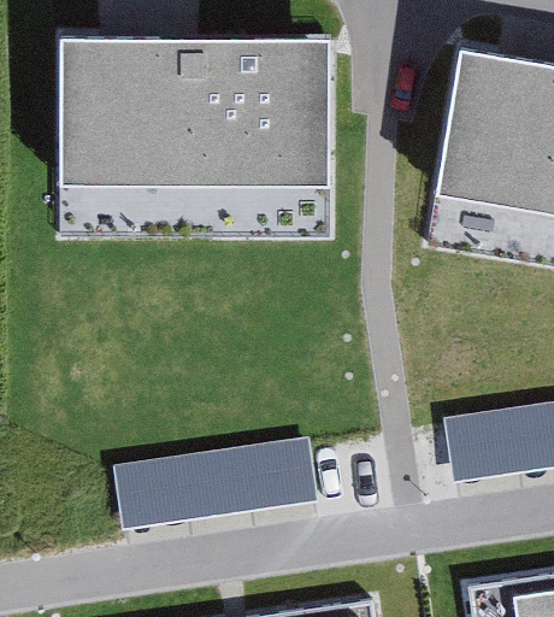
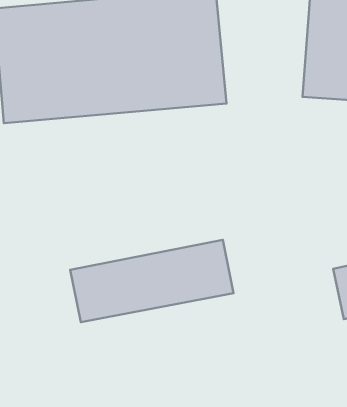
building: [117,442,319,525] -> [70,240,234,322]

